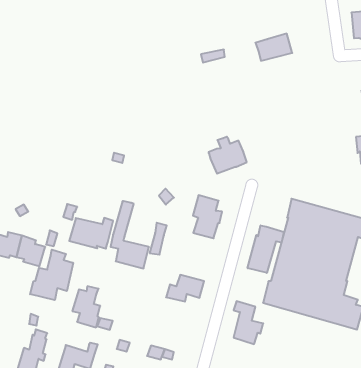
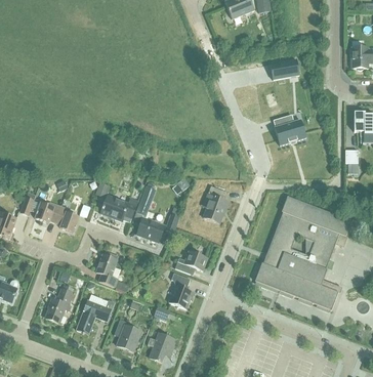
building: [209,137,247,174] -> [275,115,305,144]
building: [248,225,284,273] -> none
building: [30,250,73,300] -> none
building: [234,301,263,344] -> [169,271,195,308]

